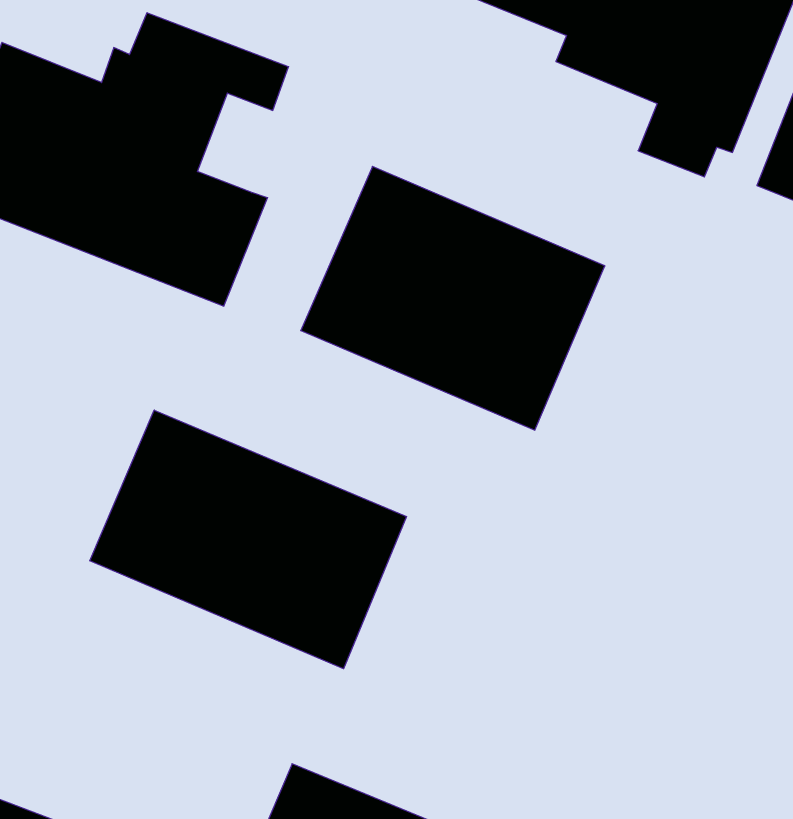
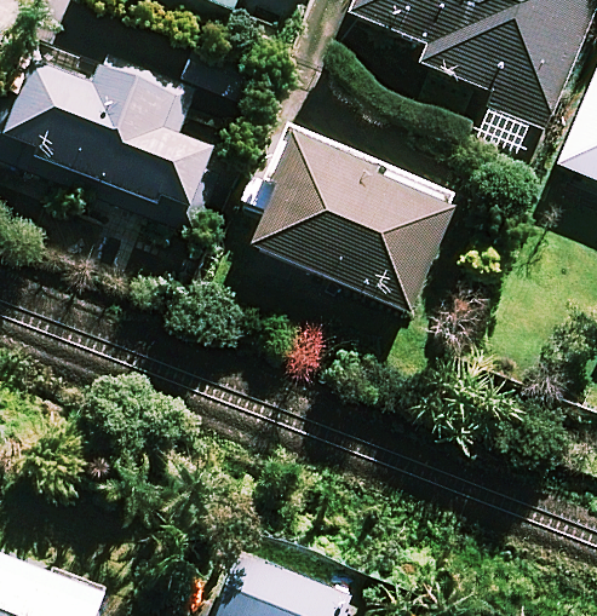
building: [90,410,407,669] -> none

